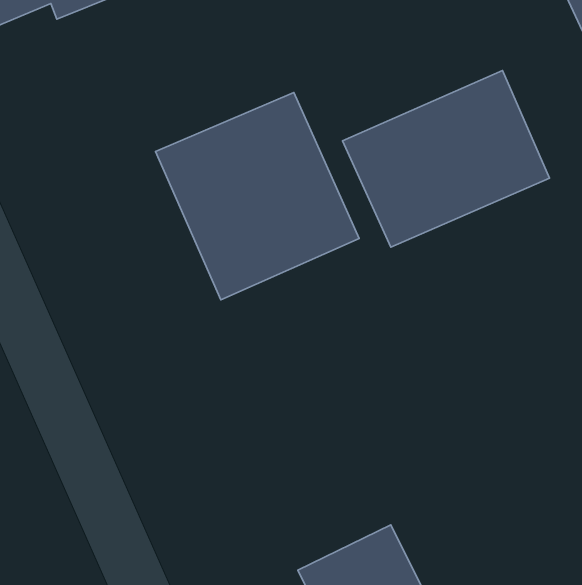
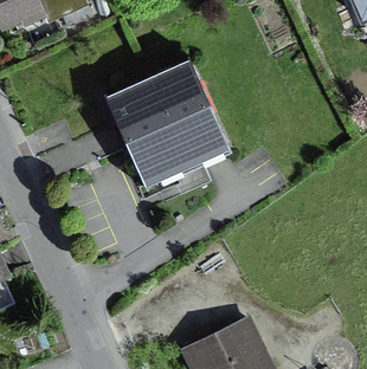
building: [342,70,550,247] -> none

